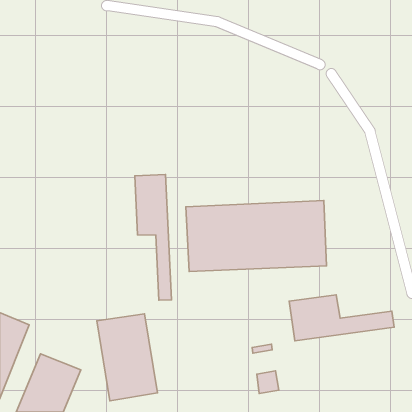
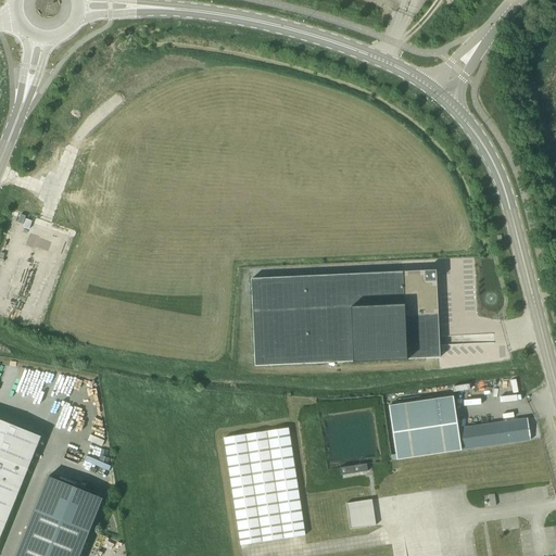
building: [135,174,171,300] -> none
building: [97,314,158,401] -> [223,428,304,545]

